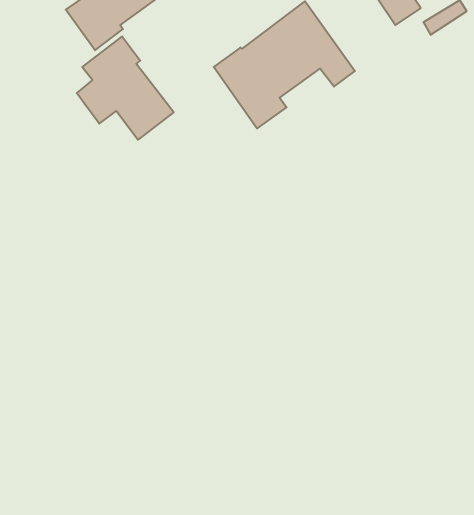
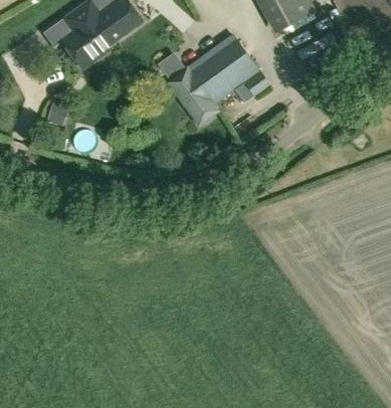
building: [77,36,174,140] -> none

